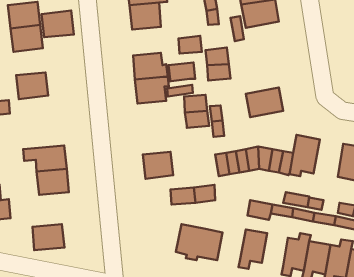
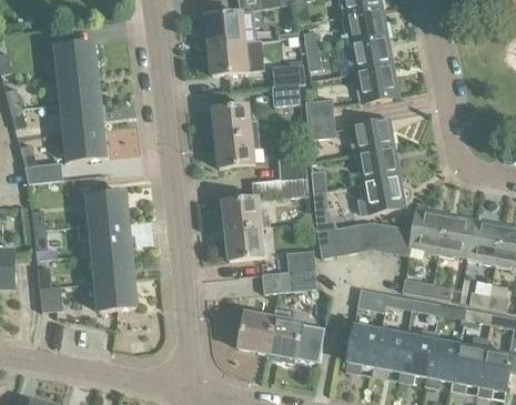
building: [42,10,74,37] -> [64,99,104,132]
building: none -> [353,65,399,102]
building: none -> [346,117,394,155]
building: [168,63,195,81] -> [270,63,303,87]
building: none -> [355,176,405,215]
building: none -> [88,191,128,223]
building: none -> [222,195,269,231]
building: none -> [437,212,474,259]
building: none -> [260,249,314,274]
building: none -> [236,312,273,352]
building: [32,224,65,250] -> [97,277,136,310]
building: none -> [371,328,405,377]

